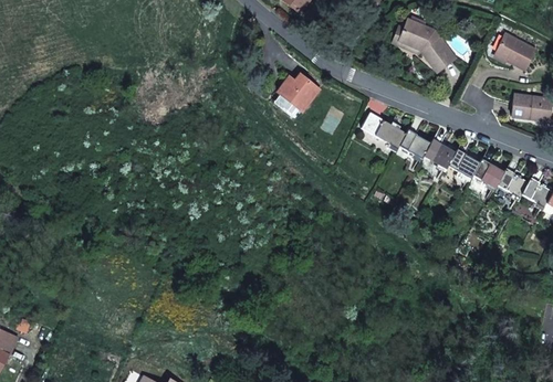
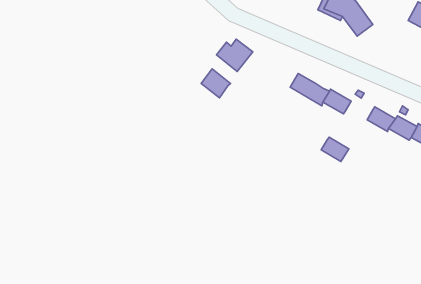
building: none -> [201,69,231,98]
building: [422,140,453,168] -> [321,137,349,162]

